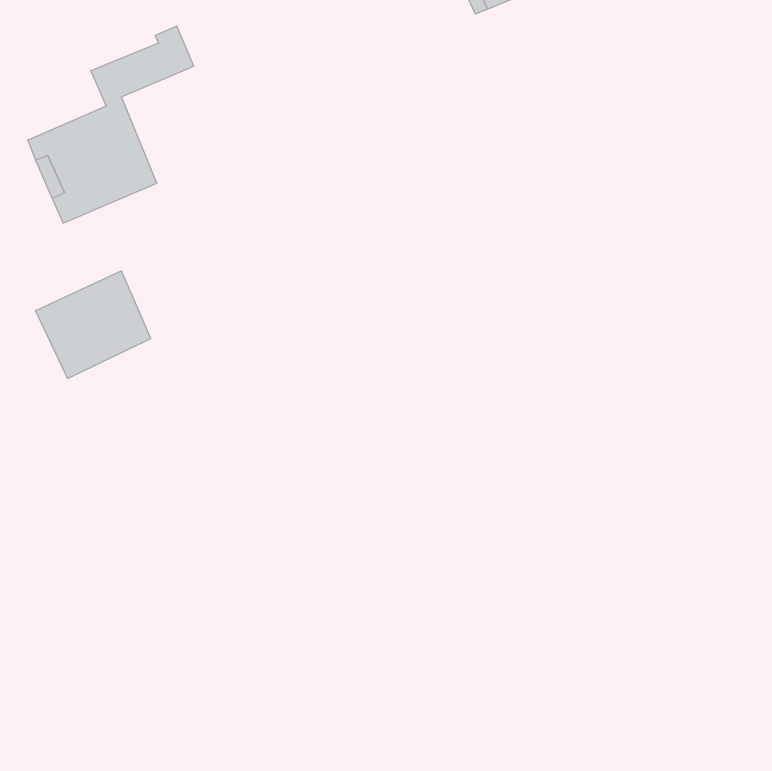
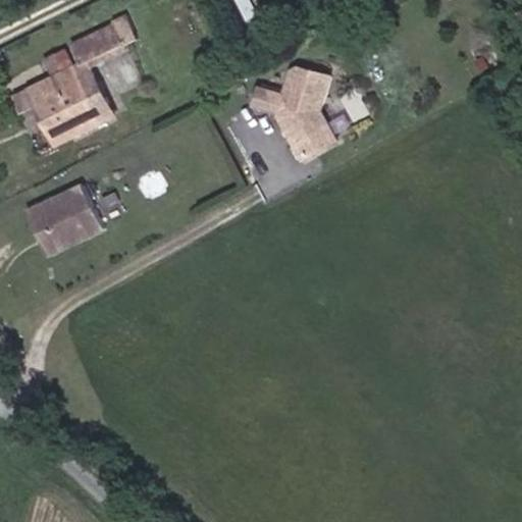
building: none -> [254,64,336,157]

